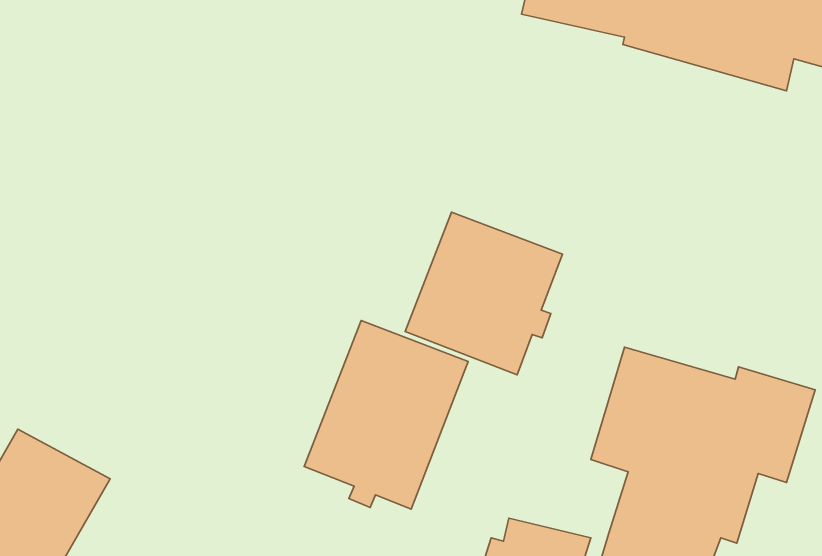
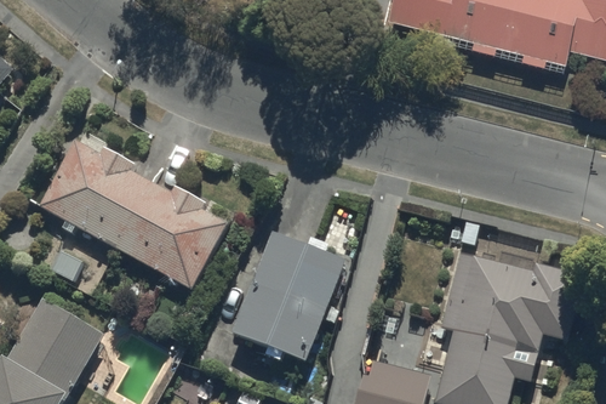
building: none -> [40,140,227,288]
building: [405,212,562,375] -> none

